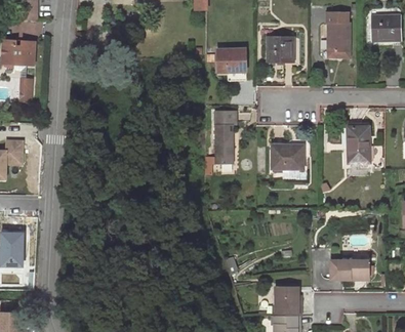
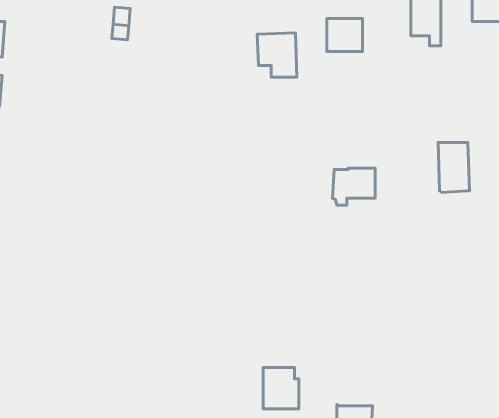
building: [214,112,235,164] -> none
building: [330,255,368,279] -> none
building: [275,287,300,317] -> [263,367,299,409]

